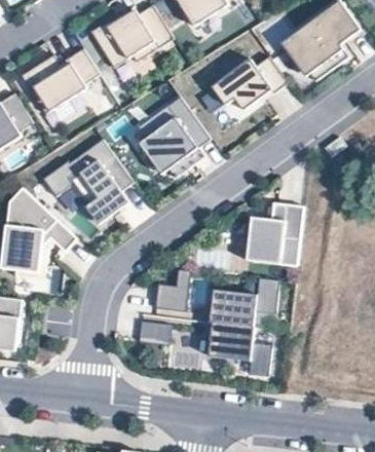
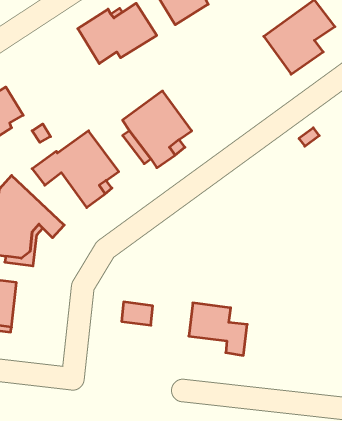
building: [21,49,99,115] -> none
building: [214,62,290,115] -> none
building: [243,201,301,266] -> none
building: [152,268,188,311] -> none
building: [208,278,276,327] -> none

